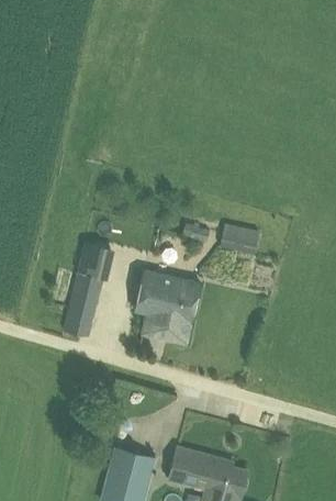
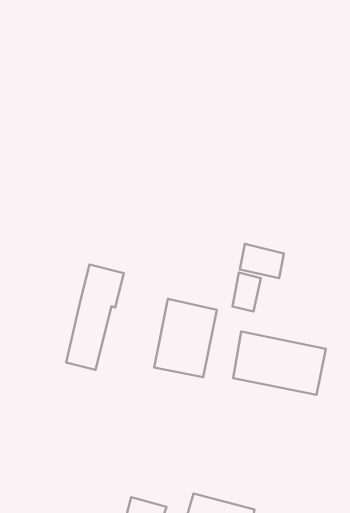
building: none -> [232,273,261,312]
building: none -> [233,332,326,395]

